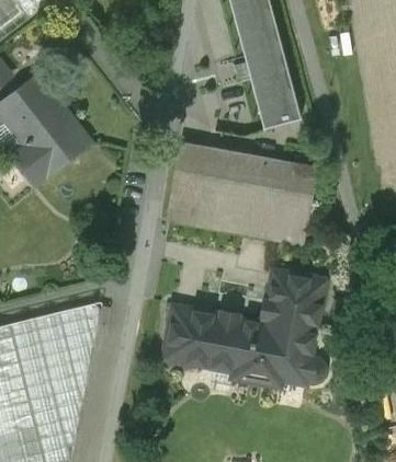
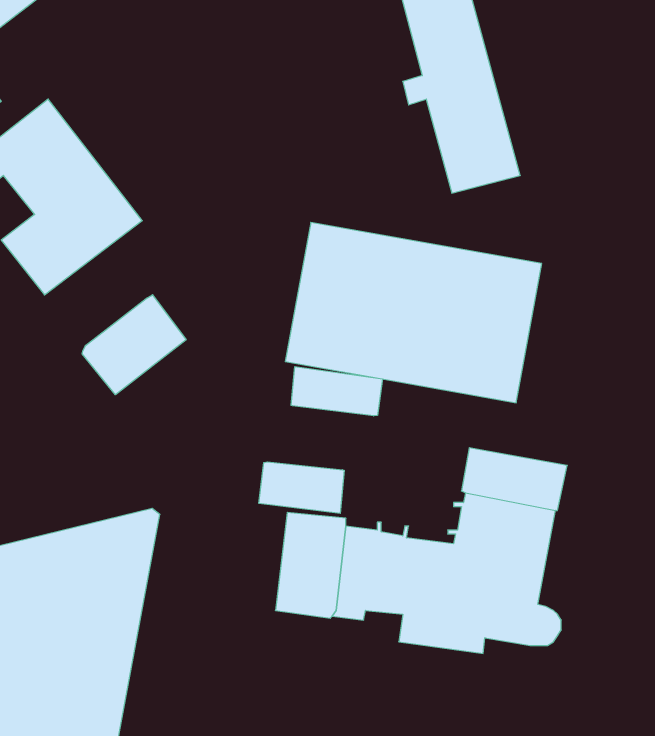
building: none -> [82,295,186,395]
building: none -> [291,367,382,416]
building: none -> [259,462,344,513]

